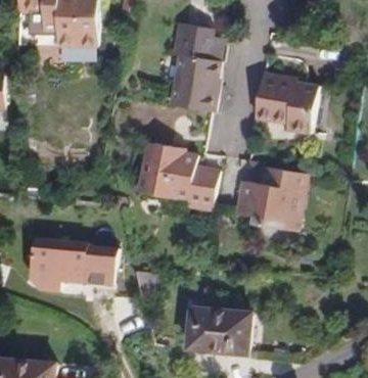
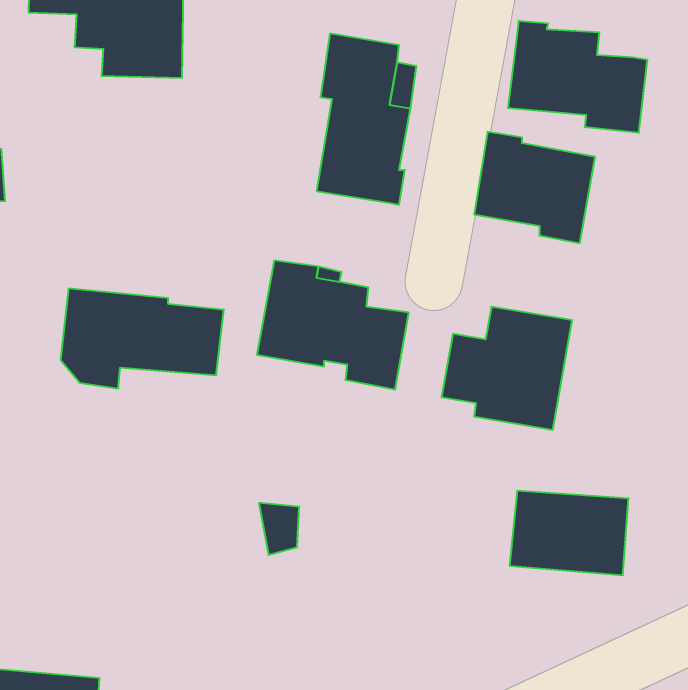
building: none -> [508,21,647,133]
building: [29,238,116,291] -> [61,289,224,389]
building: [187,309,250,353] -> [510,491,629,575]

